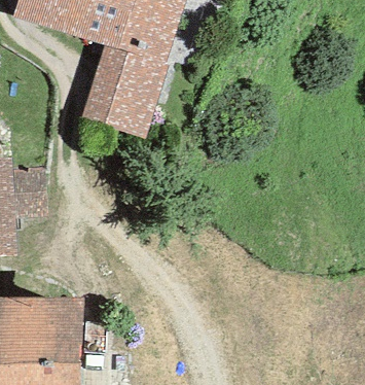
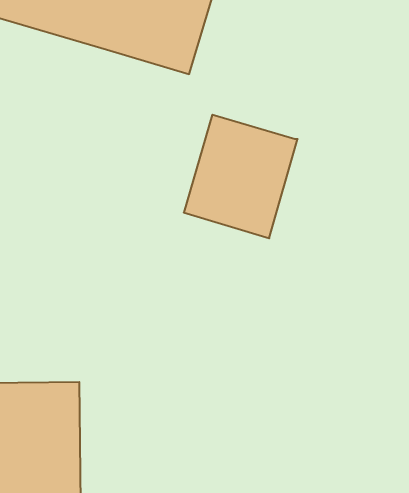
building: [82,44,169,138] -> [184,115,298,238]

